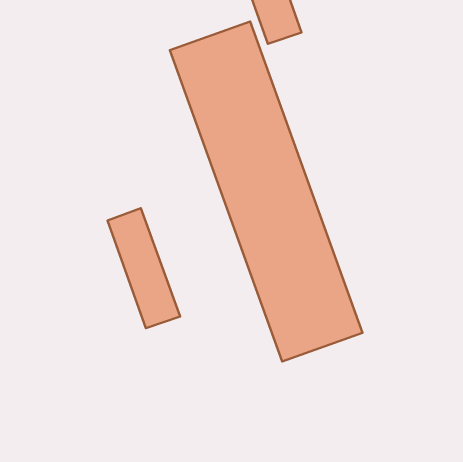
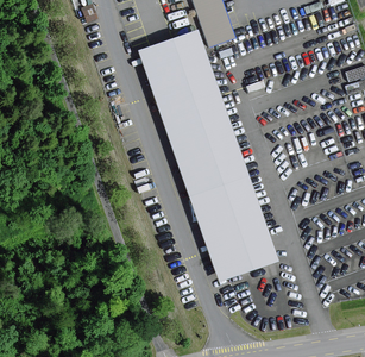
building: [107,208,180,328] -> none

